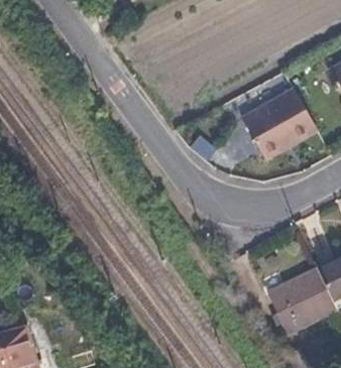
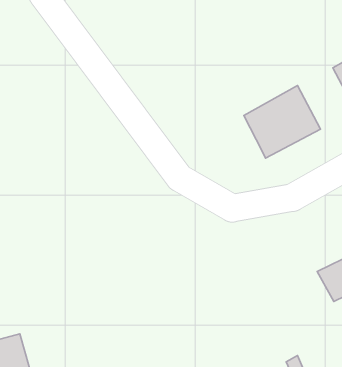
building: [266,268,334,331] -> none

